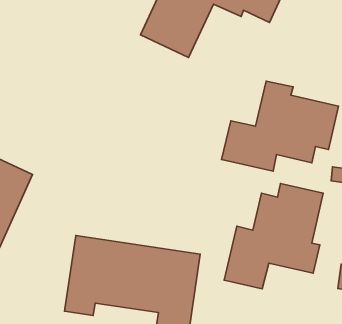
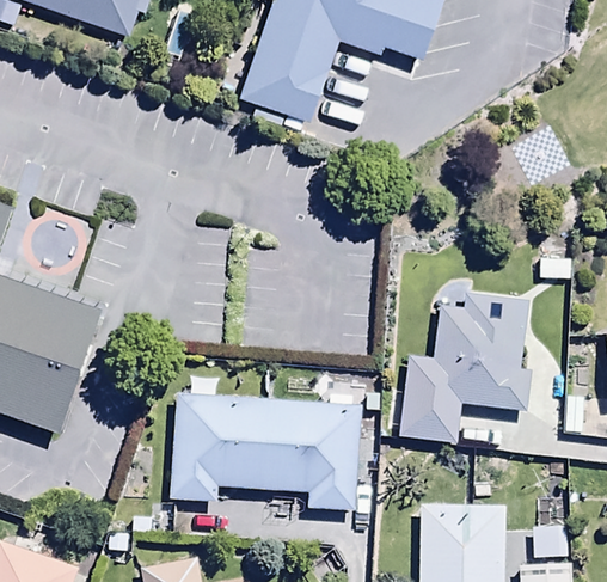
building: [222,81,338,171] -> none

